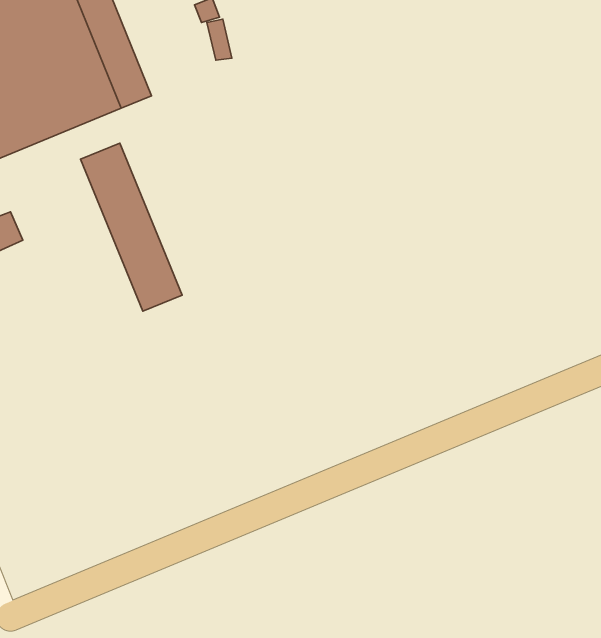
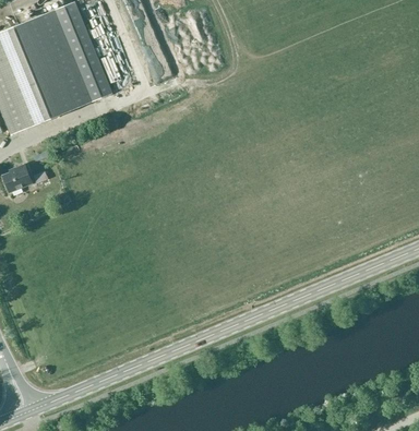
building: [80,143,182,311] -> none

